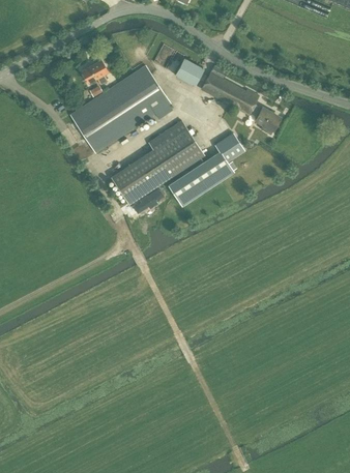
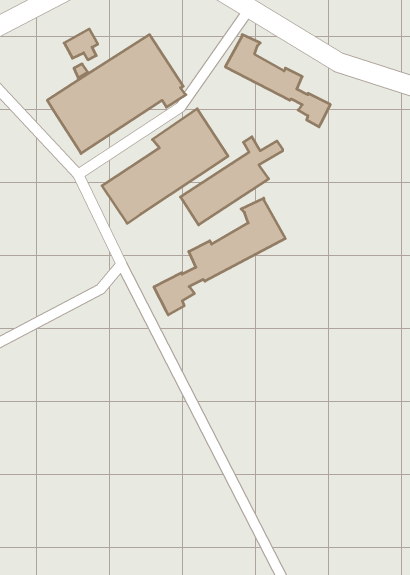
building: [175,58,203,85] -> none
building: none -> [154,198,285,315]

